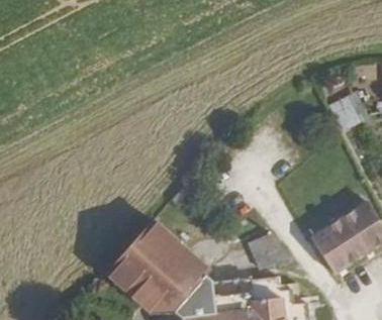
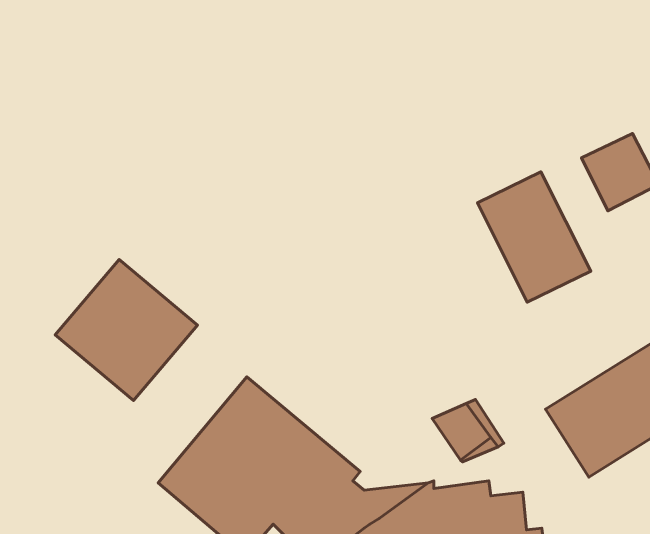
building: none -> [477,172,591,302]
building: none -> [55,259,198,400]

